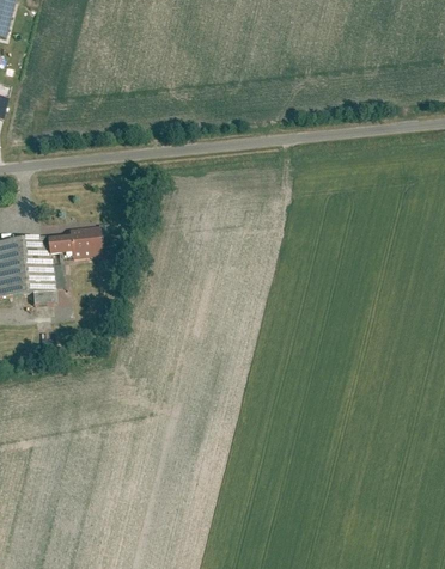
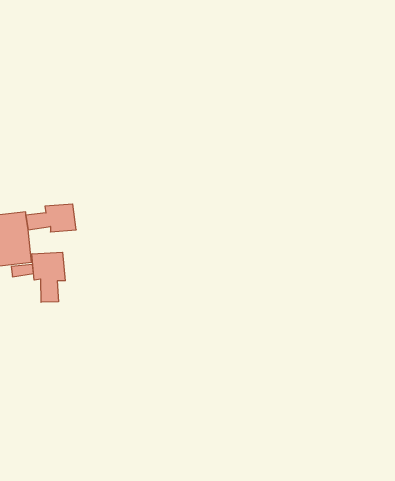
building: none -> [32,252,65,302]

